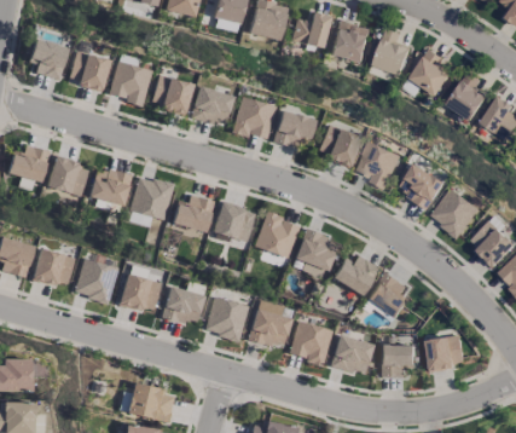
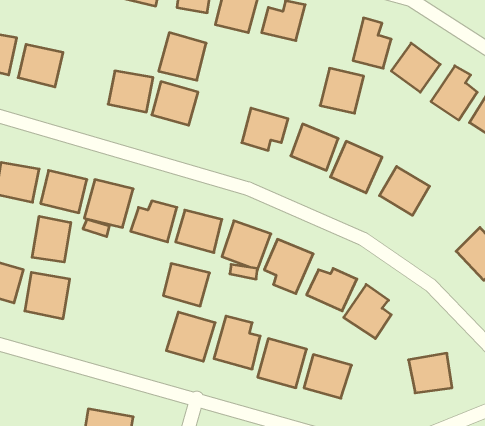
building: [331,21,371,62] -> [320,68,364,113]
building: [109,62,152,105] -> none
building: [232,97,276,140] -> [159,33,206,80]
building: [430,187,481,238] -> none
building: none -> [32,216,71,262]
building: [120,276,160,311] -> none
building: [162,287,204,325] -> [163,264,210,306]
building: [381,345,416,377] -> none

